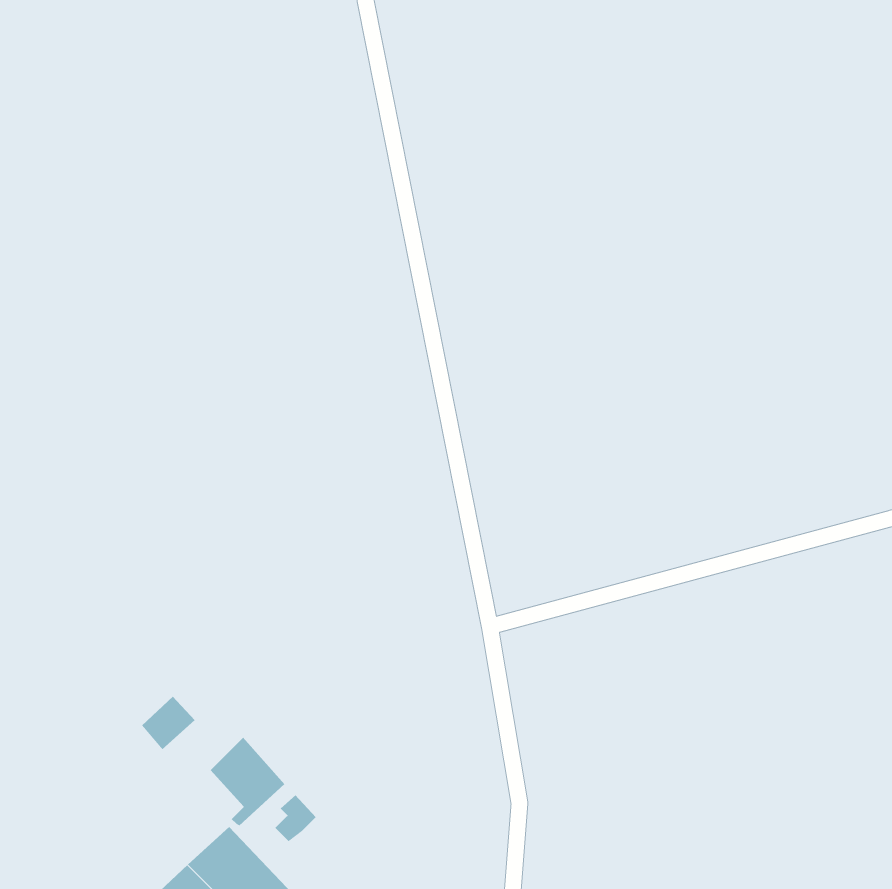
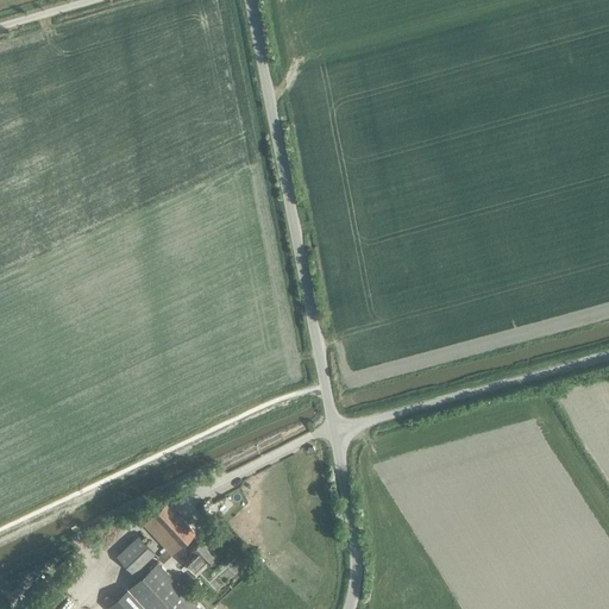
building: [141,696,195,750] -> [118,540,155,577]

